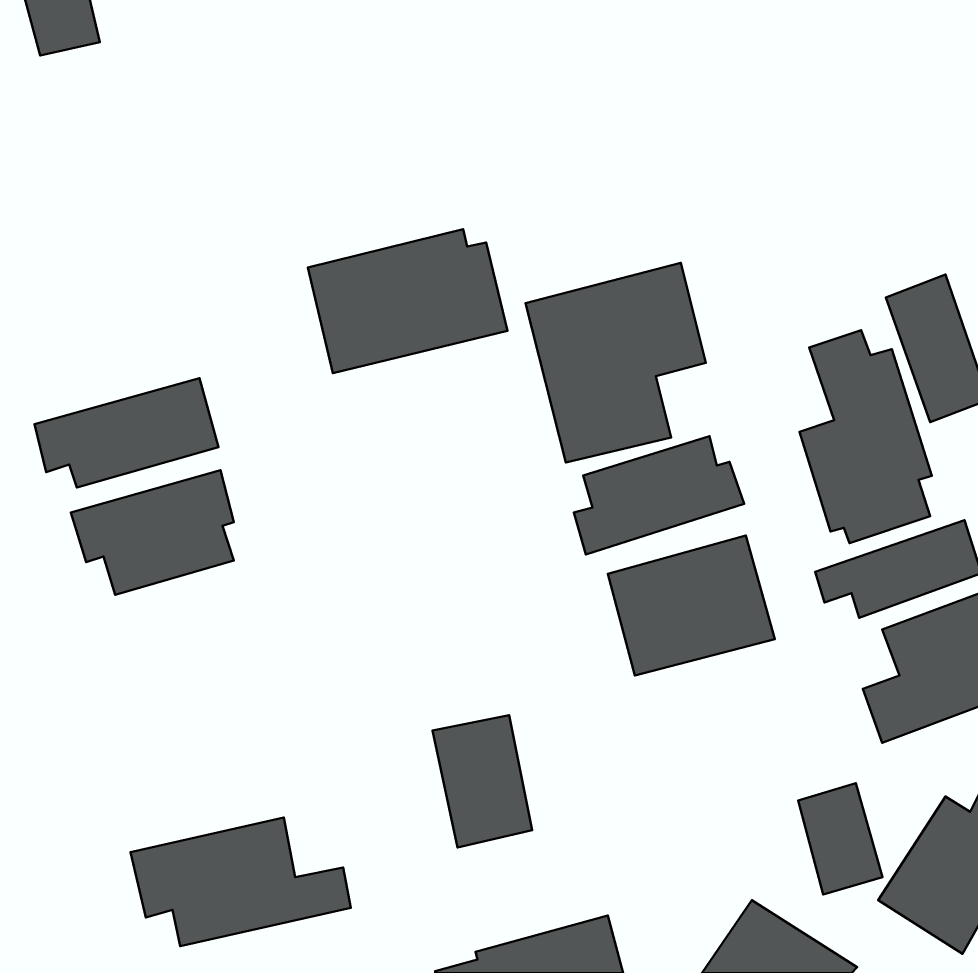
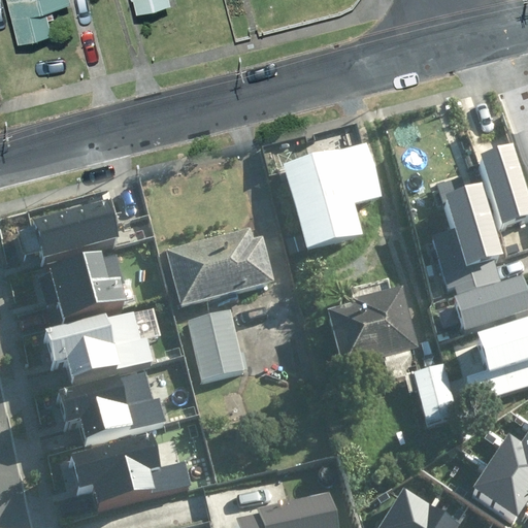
building: [308,229,507,373] -> [167,227,274,304]
building: [574,436,744,554] -> none
building: none -> [44,311,155,381]
building: none -> [60,374,166,442]
building: [433,715,532,847] -> [190,306,243,377]
building: [798,783,883,895] -> [414,360,459,420]

